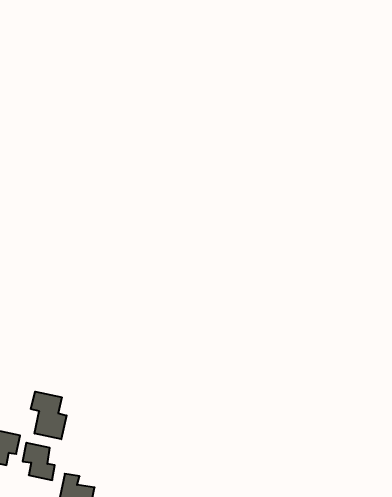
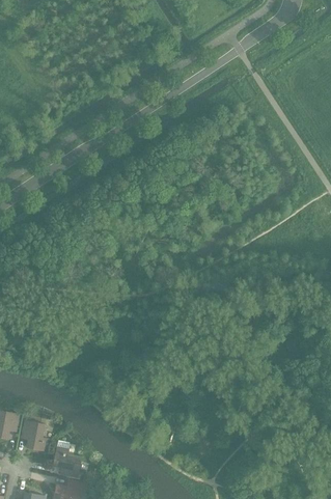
building: [31,392,67,439] -> none

